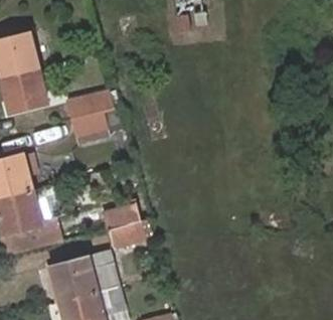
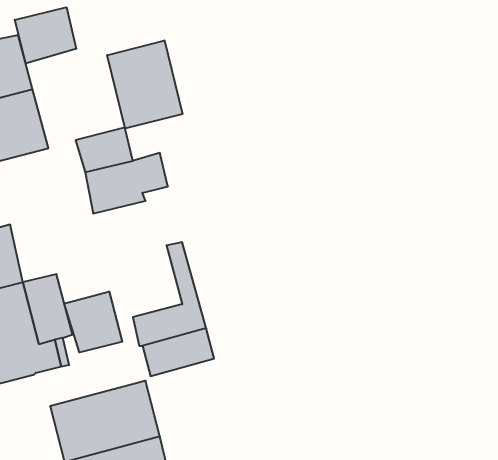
building: none -> [15,7,76,64]
building: none -> [107,40,182,129]
building: none -> [64,291,122,352]

